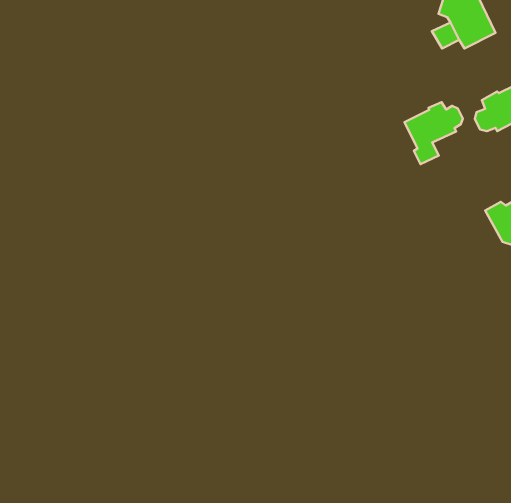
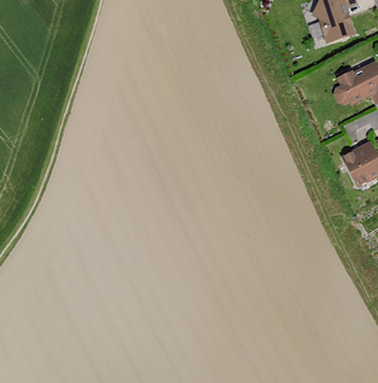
building: [404,102,463,164] -> none

